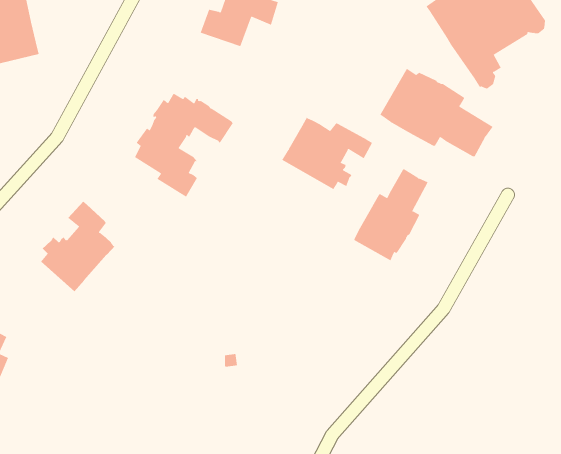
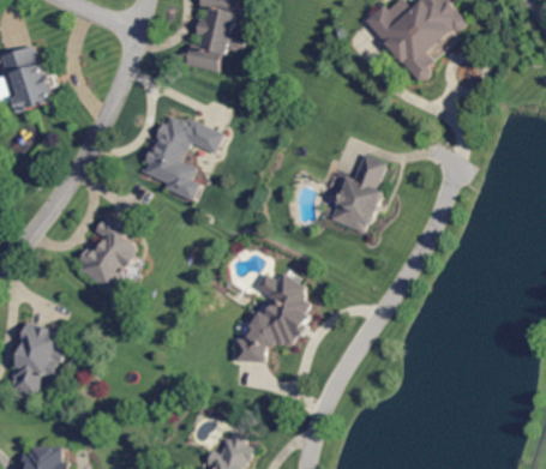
building: [380,68,493,157] -> none
building: [282,116,373,190] -> none
building: none -> [234,272,310,363]

